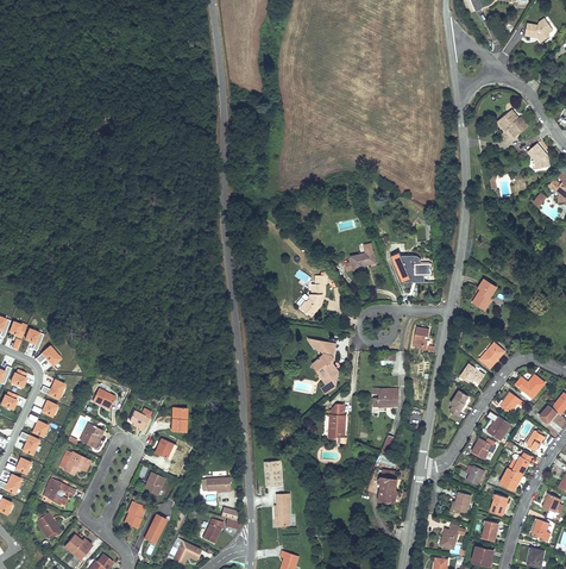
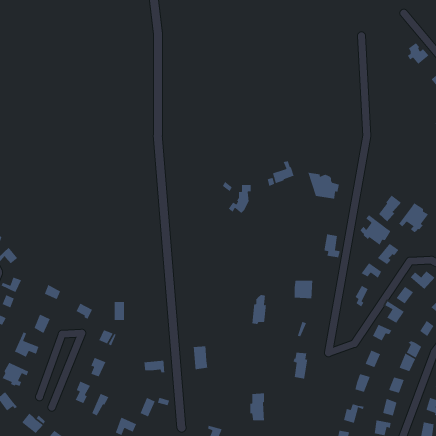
building: none -> [398,203,429,233]
building: none -> [360,214,391,246]
building: [313,339,345,395] -> none
building: [273,493,291,526] -> [249,393,265,421]

